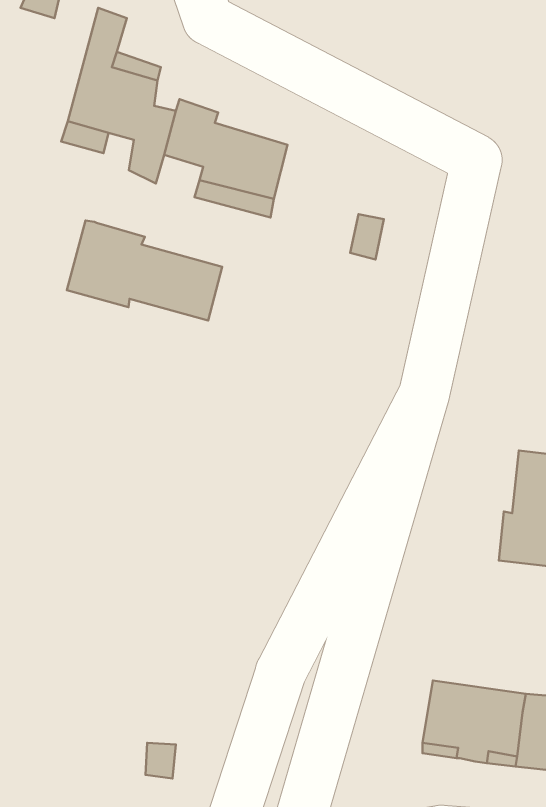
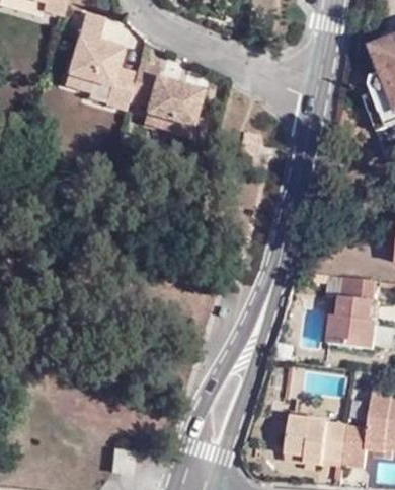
building: [67,221,222,320] -> none

